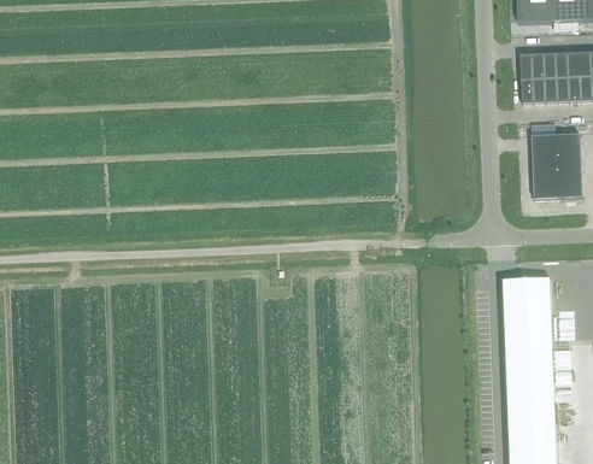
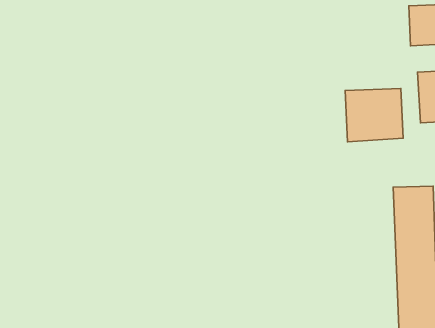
building: none -> [345,88,403,142]

